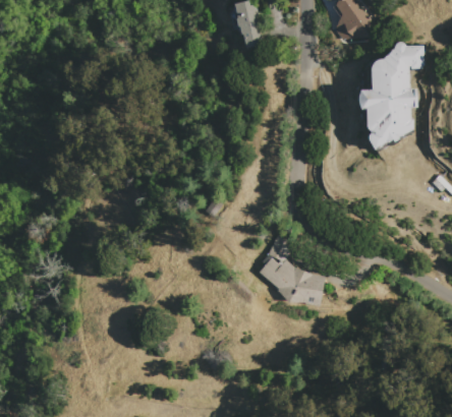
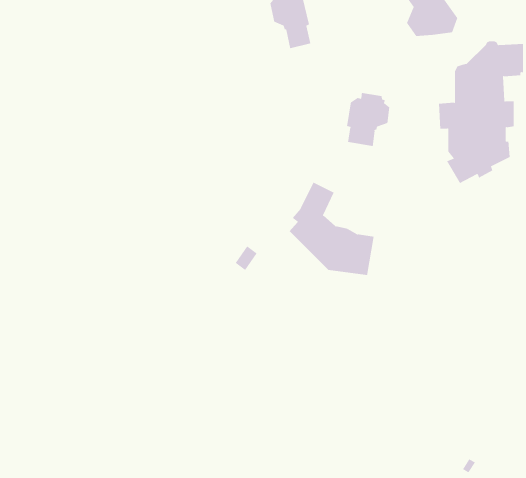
building: none -> [347,92,390,147]
building: [260,234,325,305] -> [289,182,375,275]

